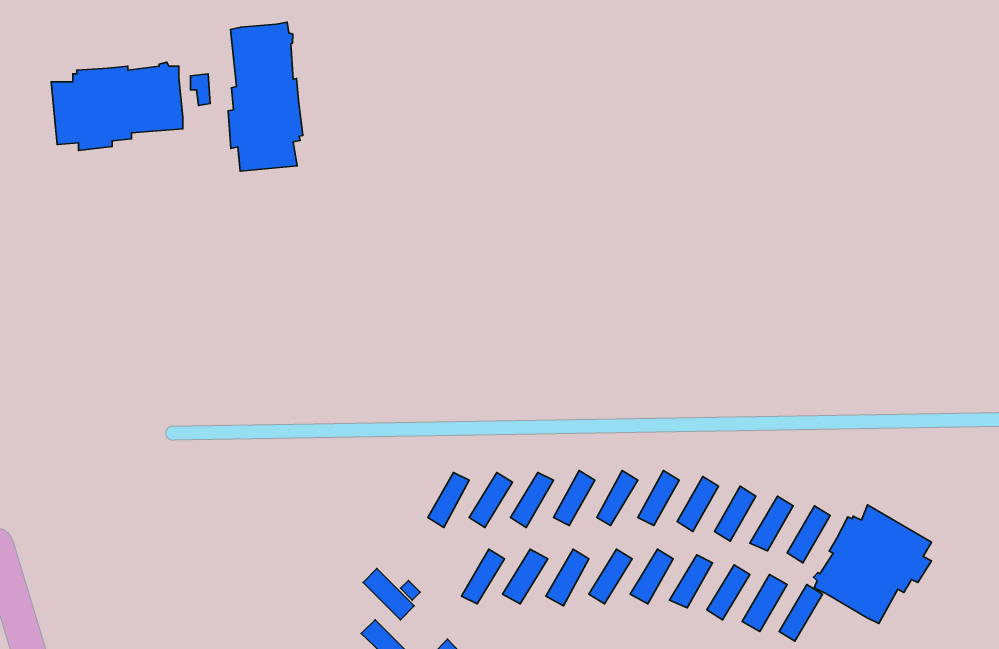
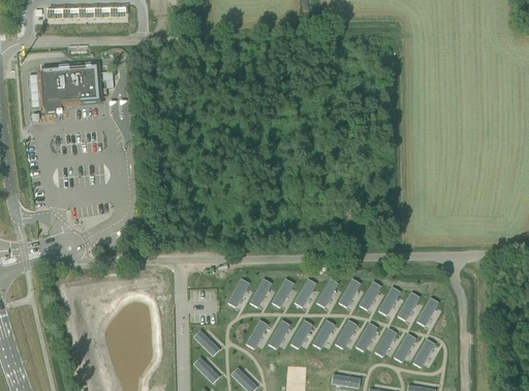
building: [228,22,303,171] -> none
building: [814,505,932,624] -> none

